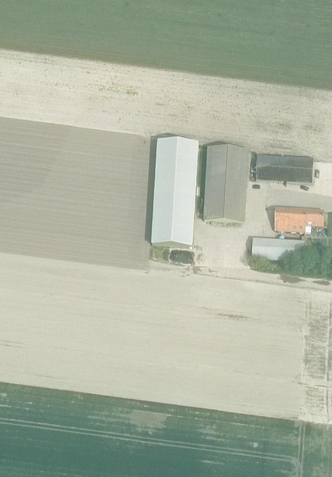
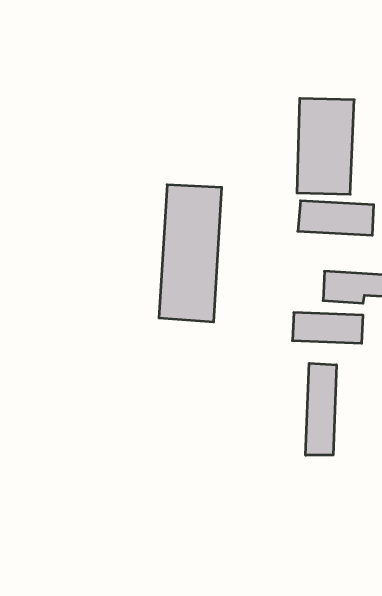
building: [204,149,247,221] -> [297,98,354,194]
building: none -> [306,363,336,455]

